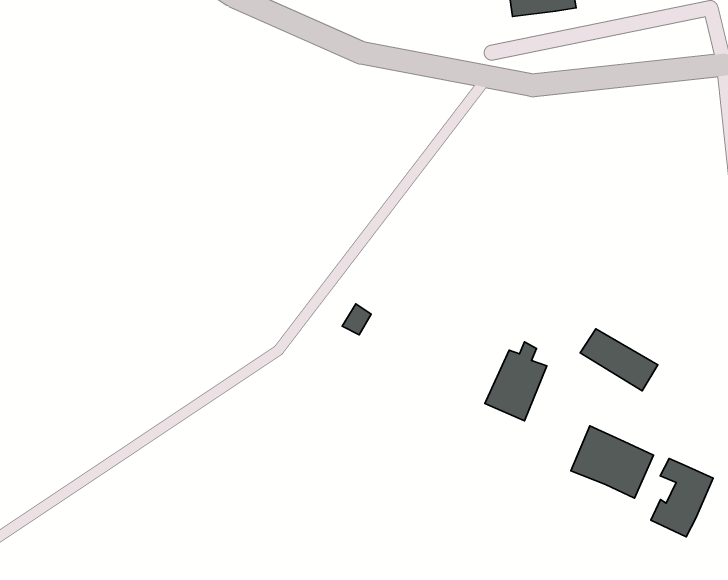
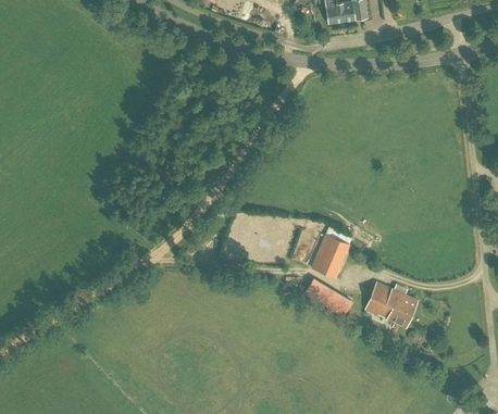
building: [580,329,658,391] -> [303,278,352,317]
building: [651,459,713,537] -> none

